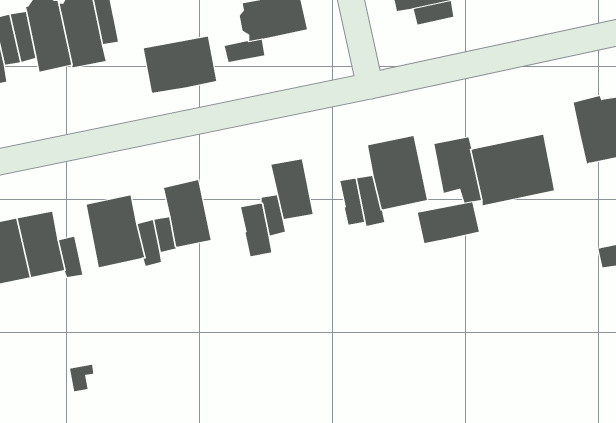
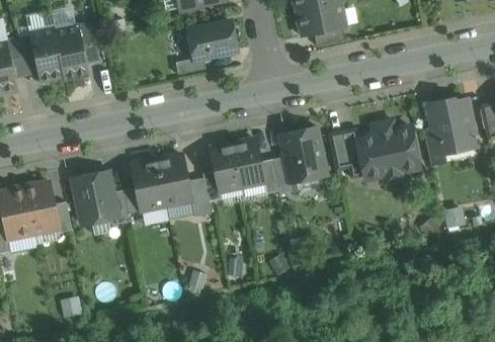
building: [143,36,217,94] -> none
building: none -> [423,126,446,165]
building: none -> [233,140,264,185]
building: none -> [157,155,191,204]
building: [417,202,479,244] -> none

